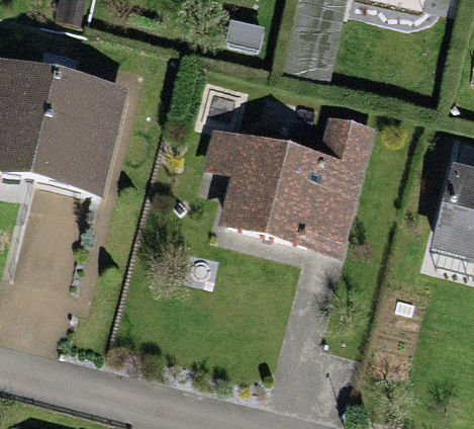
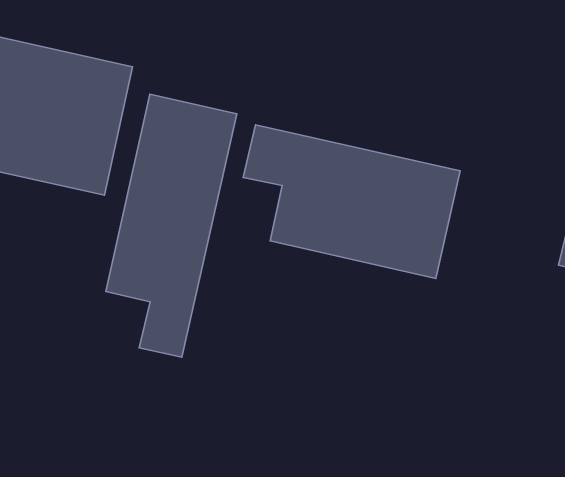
building: none -> [106,94,237,357]

